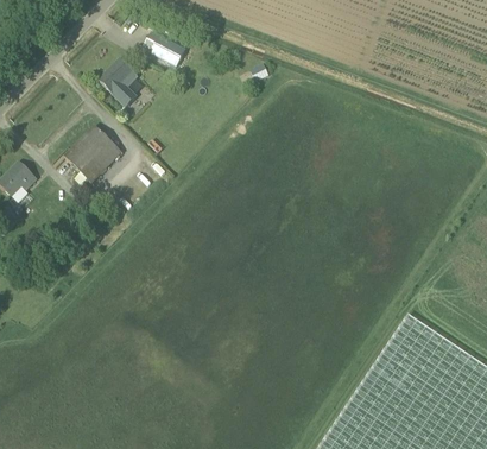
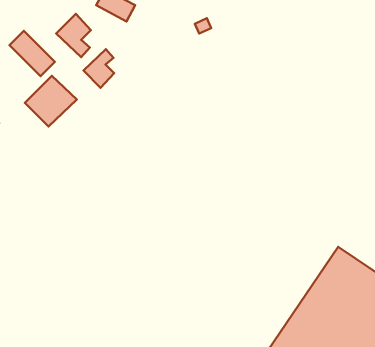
building: none -> [9,31,55,76]
building: none -> [83,49,114,88]

